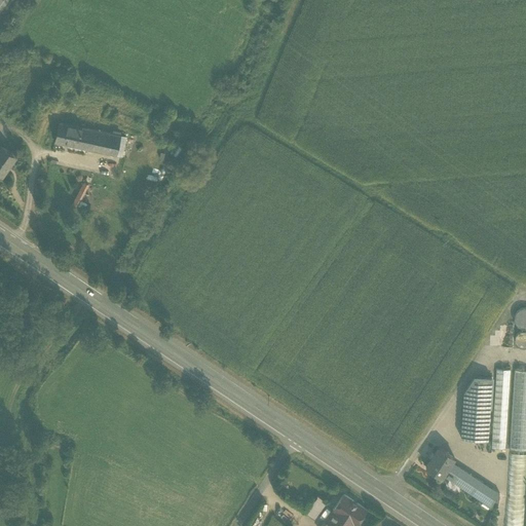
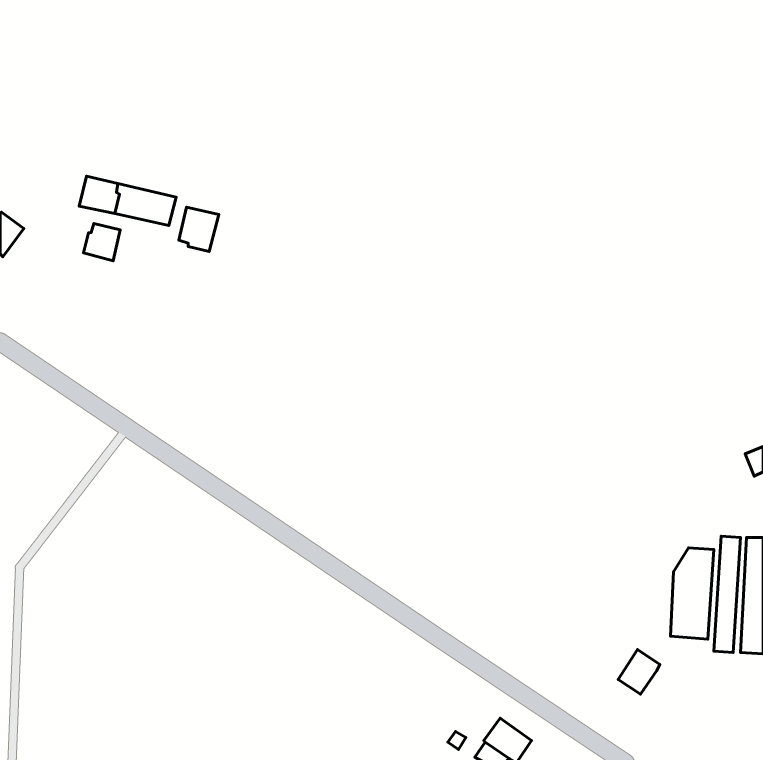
building: none -> [179,207,219,252]
building: none -> [84,224,120,261]
building: [443,463,499,509] -> none

